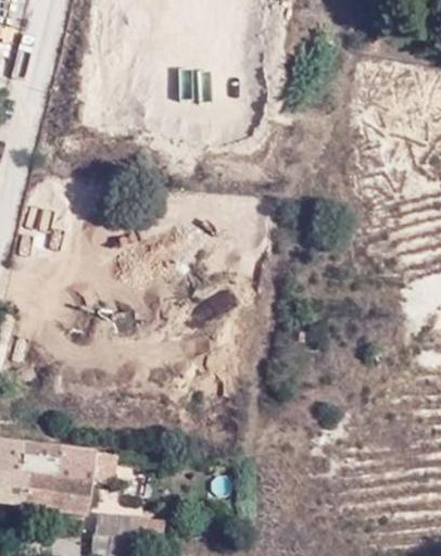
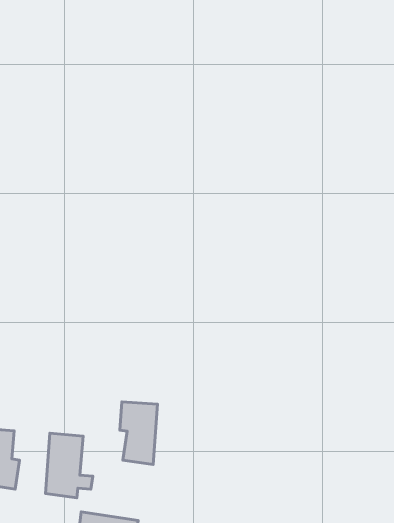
building: [20,443,58,506] -> [120,402,158,465]

